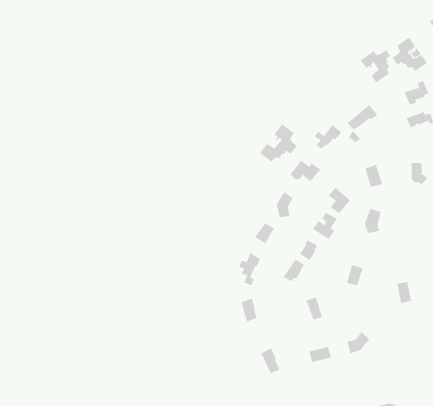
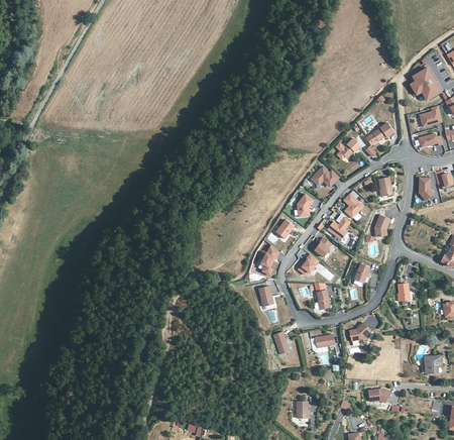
building: [360,49,391,83] -> none
building: [259,123,297,163] -> none

